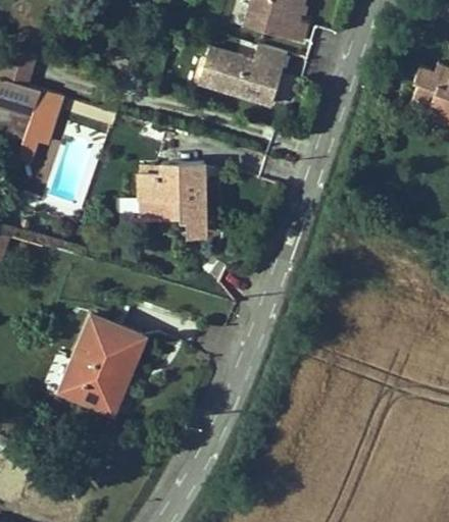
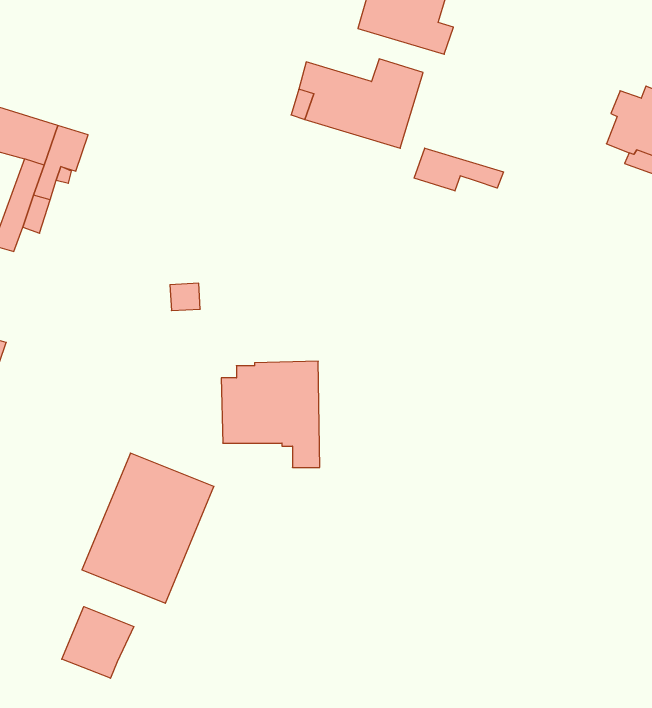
building: none -> [414,148,503,191]
building: [140,164,206,236] -> [221,361,320,467]
building: none -> [62,607,134,678]

